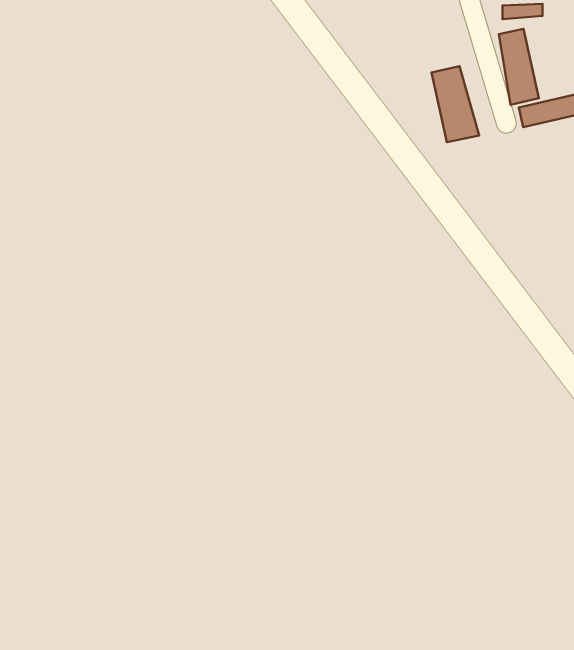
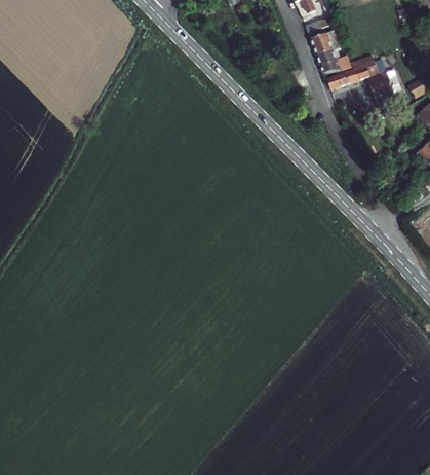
building: [432,66,479,142] -> none

